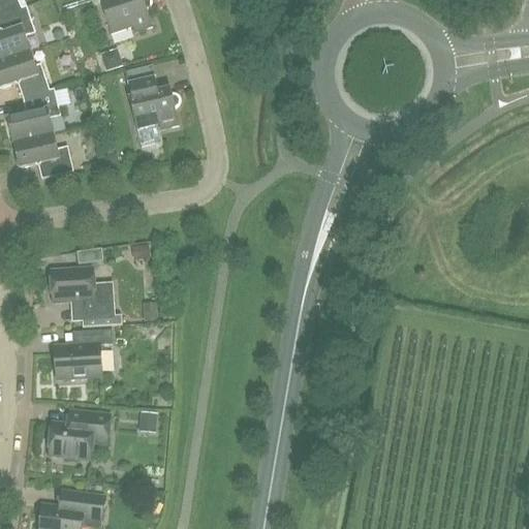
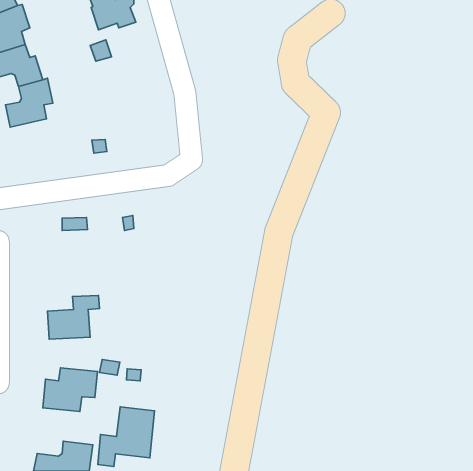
building: [124,64,178,144] -> none
building: [11,132,72,178] -> none
building: [50,267,121,325] -> none
building: none -> [98,407,154,466]

